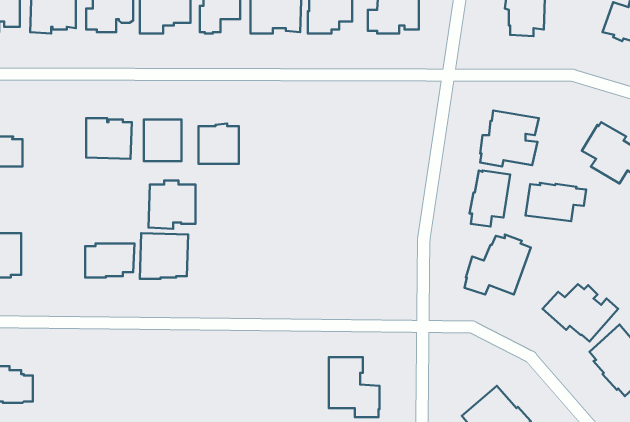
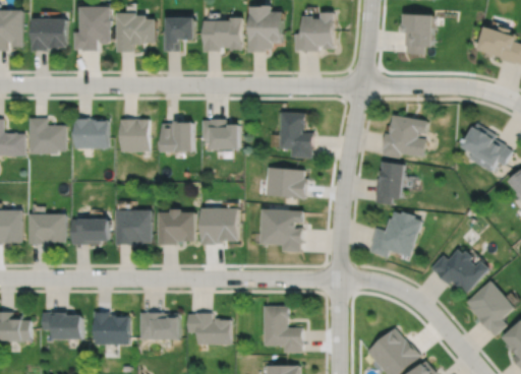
building: none -> [279,114,314,160]
building: none -> [28,119,66,155]
building: none -> [201,120,240,151]
building: [148,181,195,229] -> [160,207,196,245]
building: none -> [265,169,307,200]
building: [525,183,586,221] -> none
building: none -> [201,206,240,244]
building: none -> [260,207,305,251]
building: none -> [30,212,67,243]
building: none -> [42,311,82,338]
building: none -> [94,311,128,345]
building: none -> [139,311,180,338]
building: none -> [187,312,231,344]

